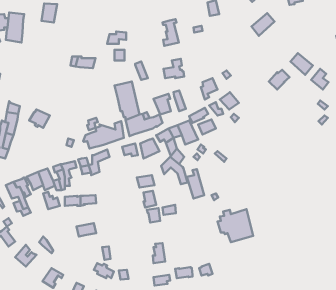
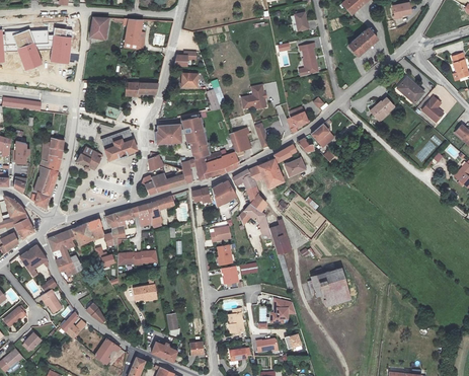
building: none -> [125,17,145,44]
building: [162,19,179,46] -> [298,44,318,76]
building: none -> [156,123,181,144]
building: none -> [101,129,137,160]
building: none -> [269,299,295,323]

